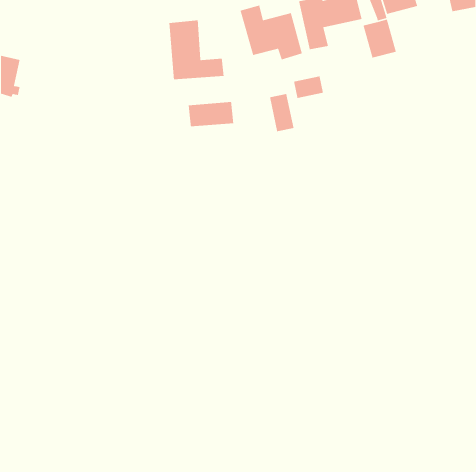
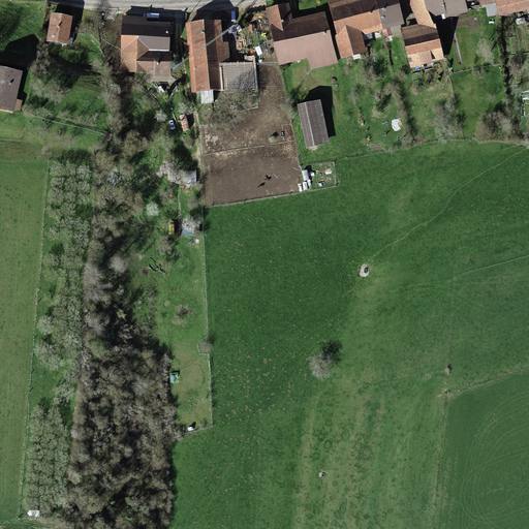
building: none -> [48,15,72,42]
building: none -> [123,19,167,71]
building: [293,76,324,99] -> none
building: [188,101,234,127] -> none

